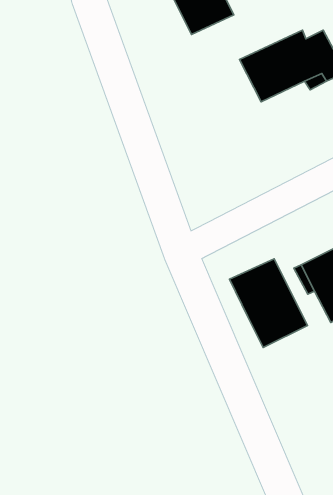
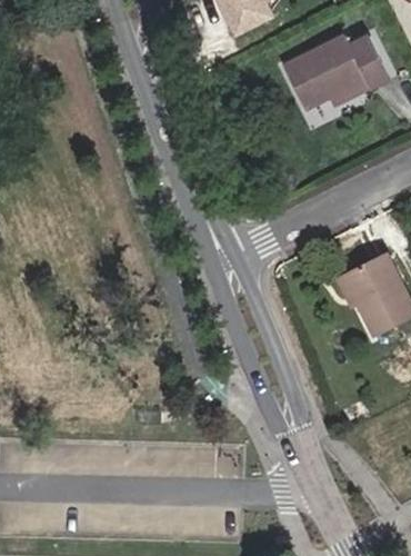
building: [230,259,307,348] -> none

